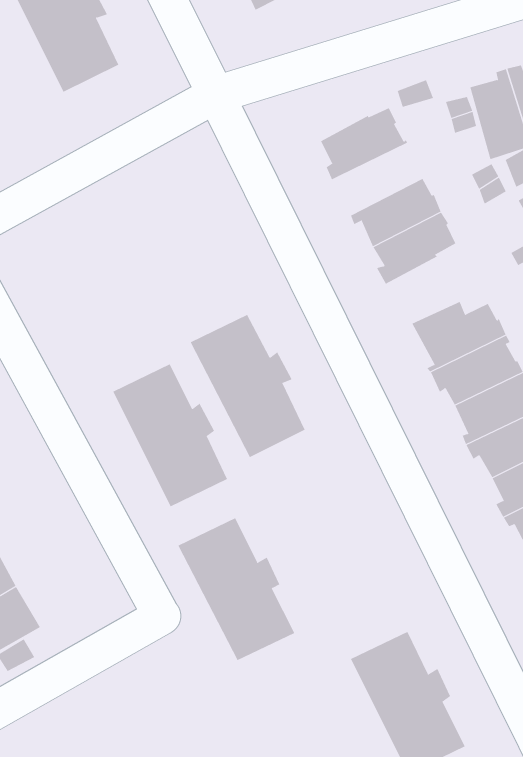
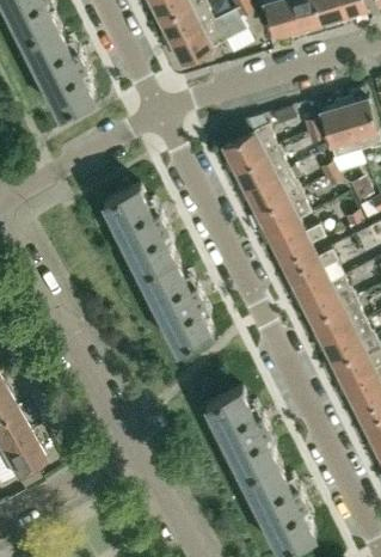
building: none -> [234,148,288,195]
building: none -> [264,221,322,264]
building: [112,364,228,507] -> [102,184,176,276]
building: [178,518,295,661] -> [203,387,278,479]

